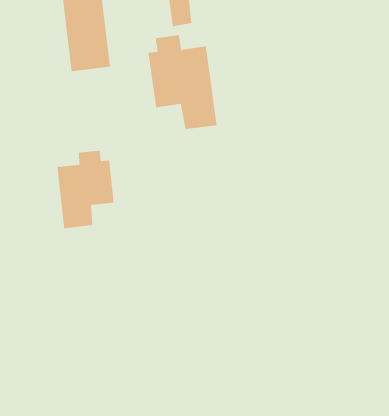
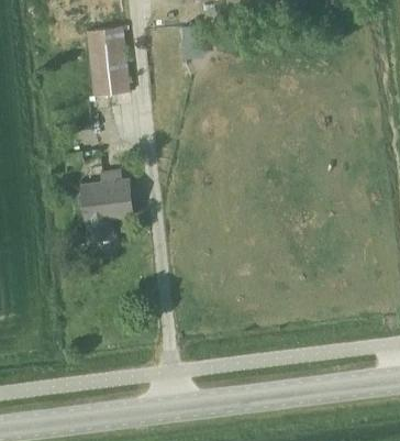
building: [147,34,218,130] -> none

